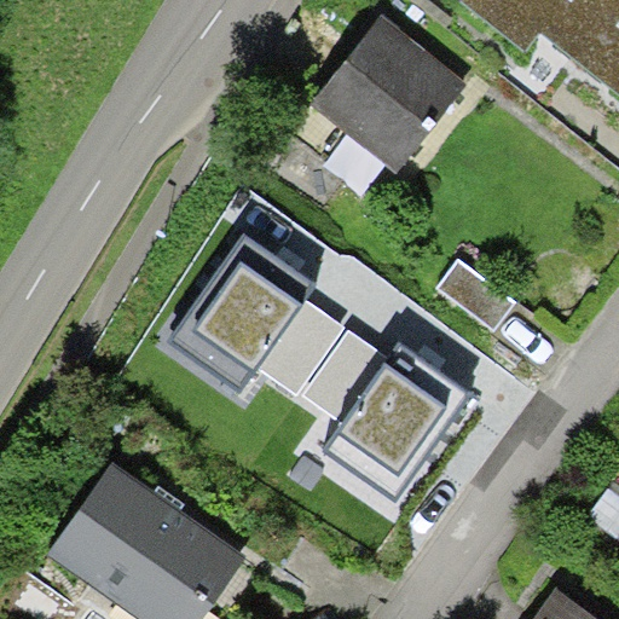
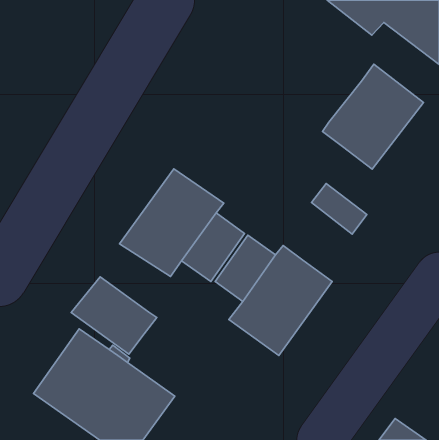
building: [312,17,468,174] -> none
building: none -> [322,64,424,169]
building: none -> [71,277,157,354]

